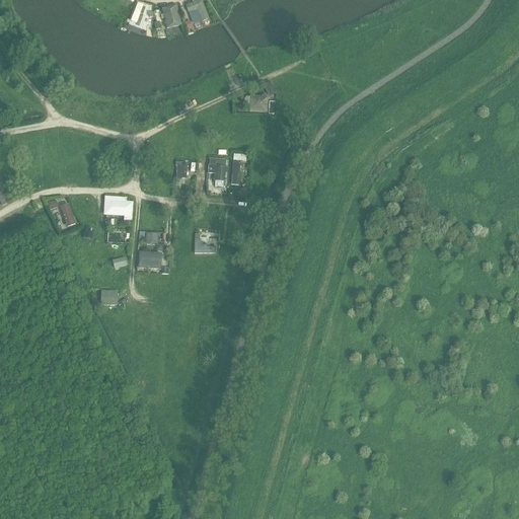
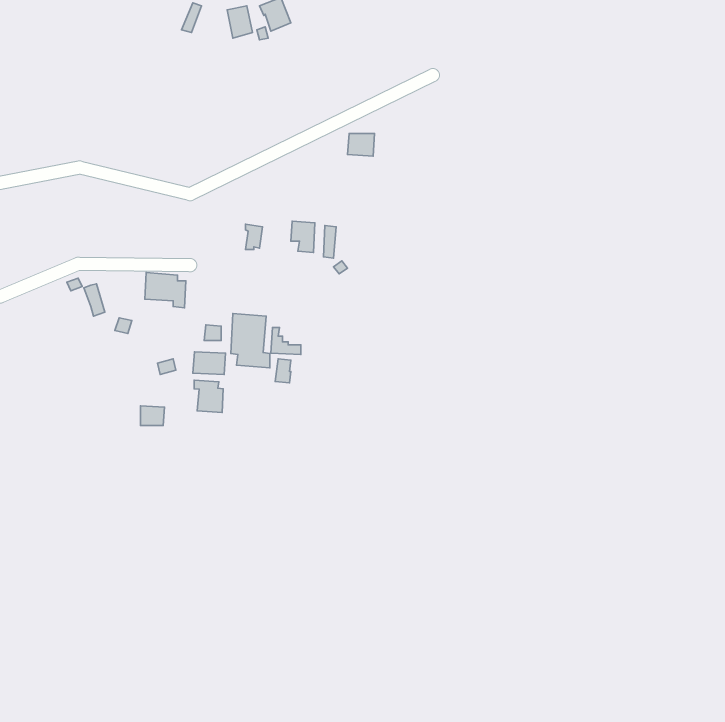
building: none -> [231,313,270,368]
building: none -> [194,380,223,413]

